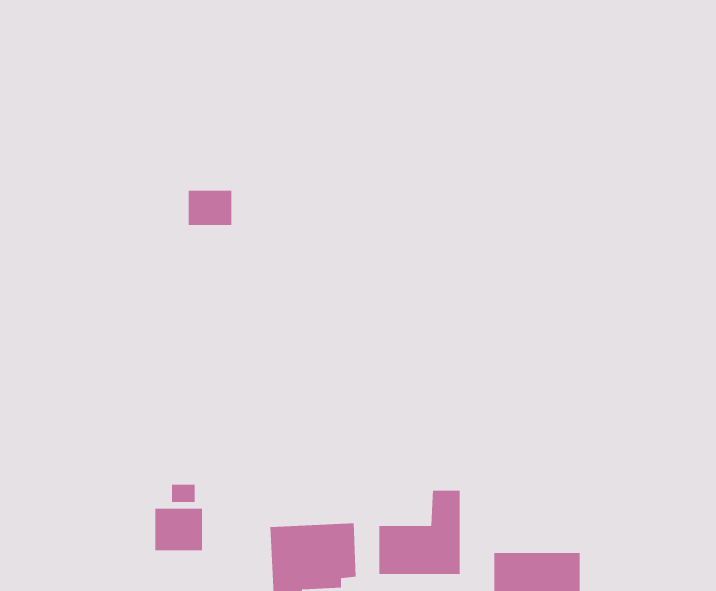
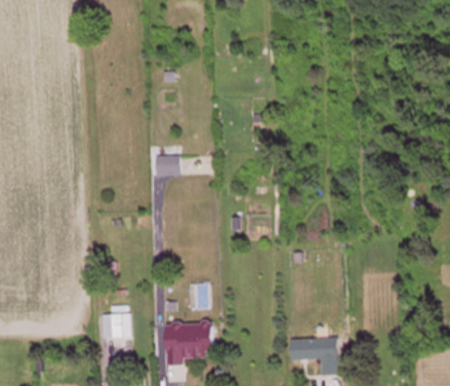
building: [188,190,232,225] -> [155,156,179,176]
building: [379,490,460,575] -> none

